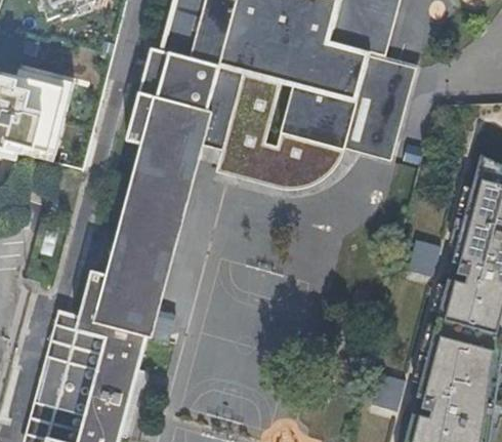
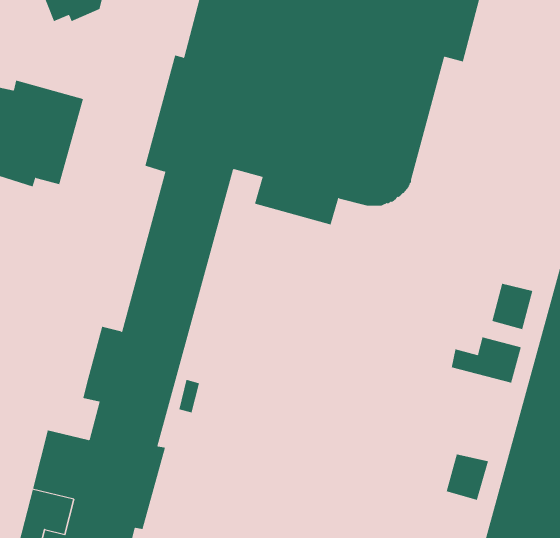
building: [214,48,421,193] -> none
building: none -> [451,336,522,383]
building: [48,307,90,359] -> none

